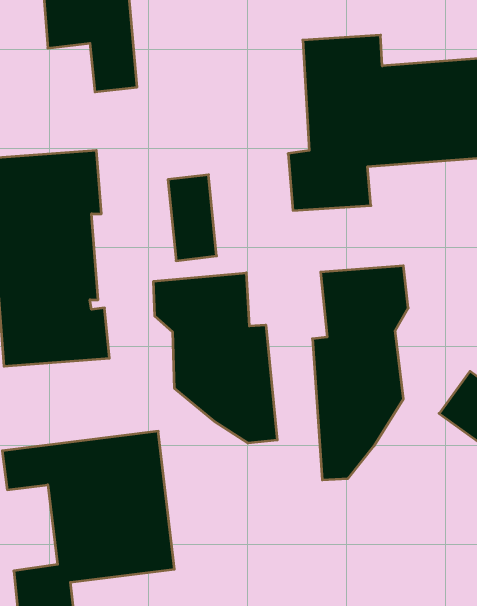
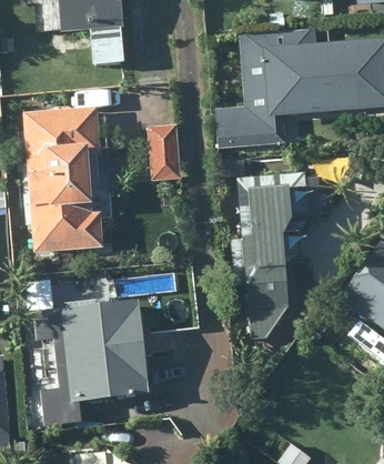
building: [154,273,277,443] -> none

